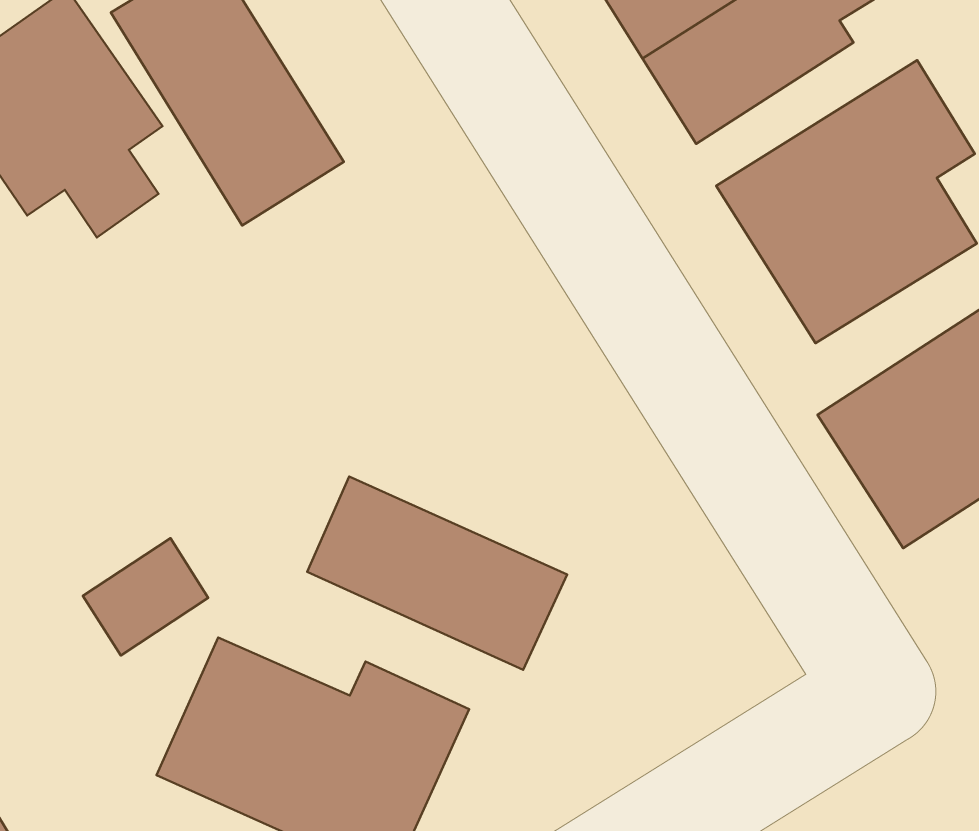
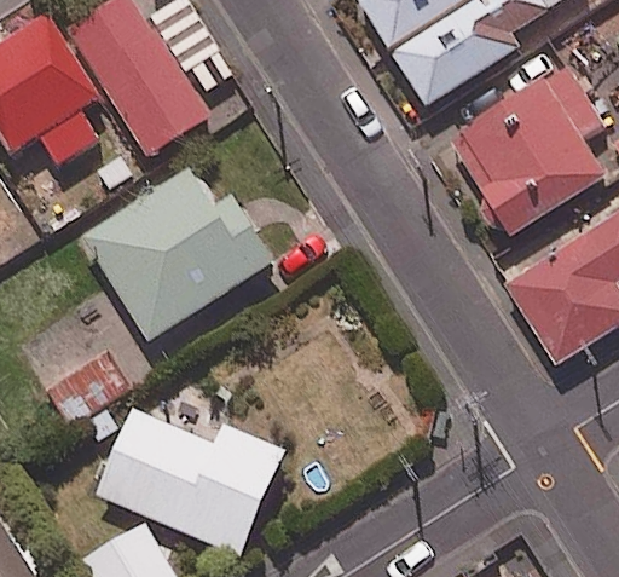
building: none -> [83,172,274,344]
building: [307,476,567,670] -> none

